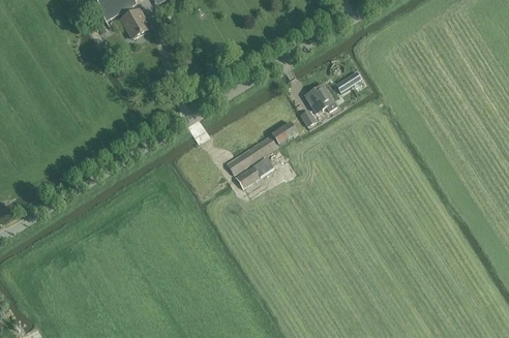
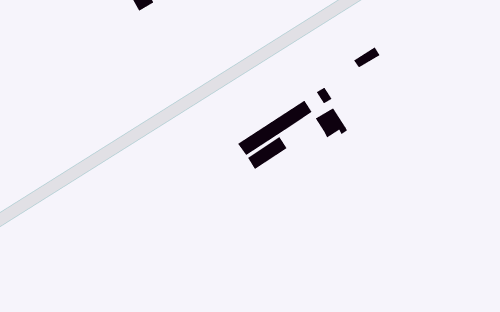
building: [304,85,335,114] -> [315,107,348,138]

